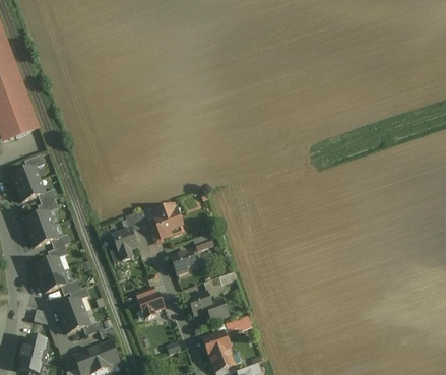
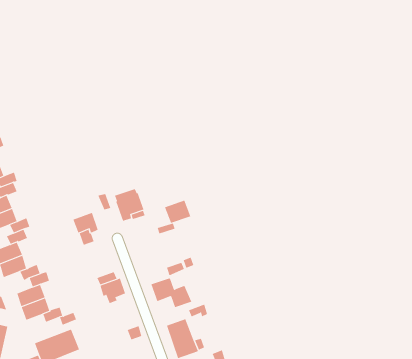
building: [171,250,197,273] -> [164,200,191,224]

